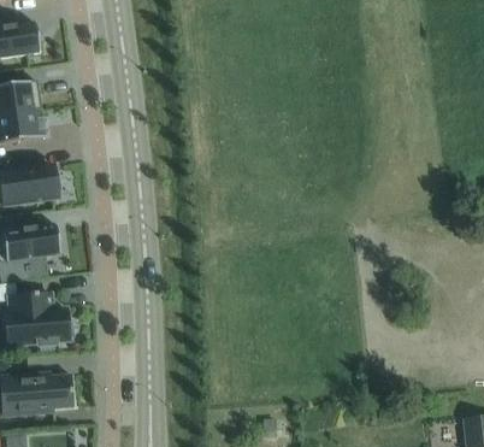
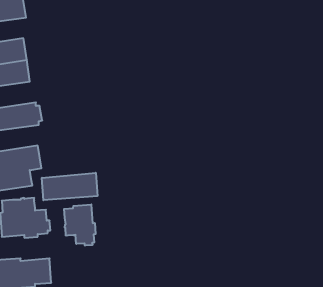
building: none -> [42,173,97,200]
building: none -> [64,204,96,246]

